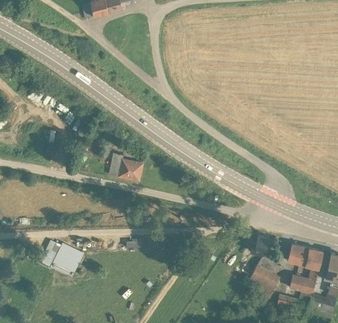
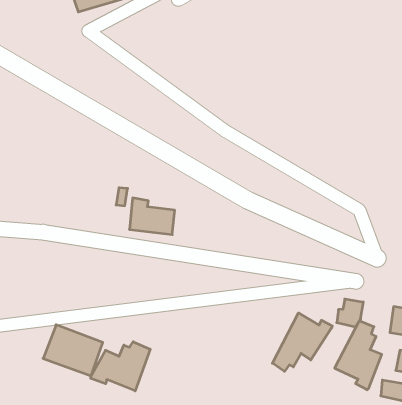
building: none -> [272,313,332,371]
building: none -> [91,342,150,391]

